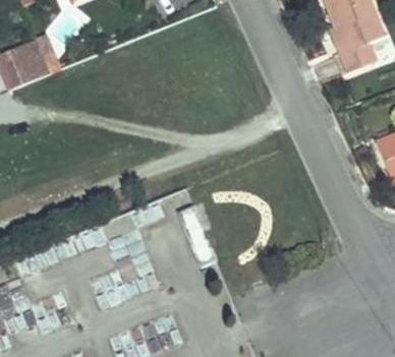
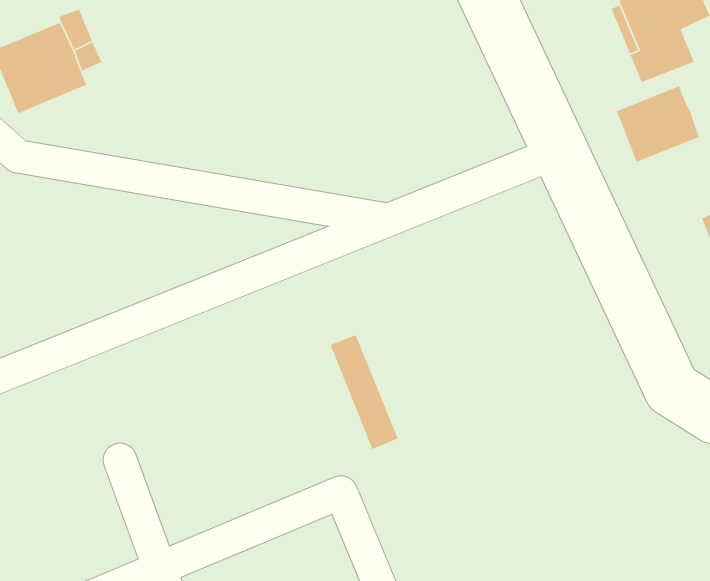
building: none -> [616,85,700,163]

